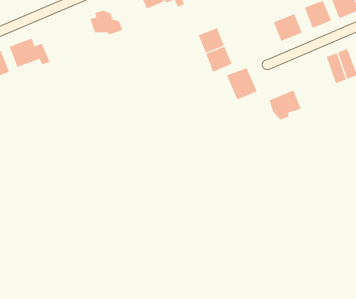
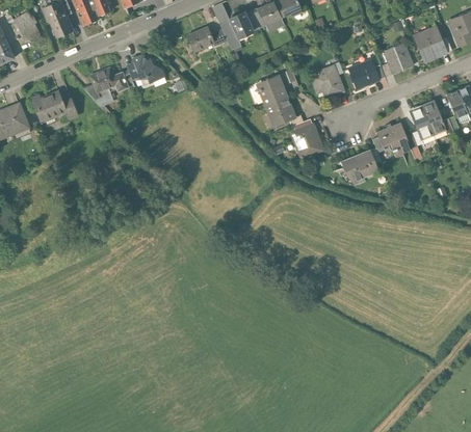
building: none -> [308,65,345,101]
building: none -> [88,66,129,93]
building: none -> [377,123,413,159]

